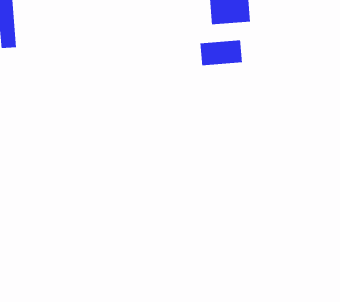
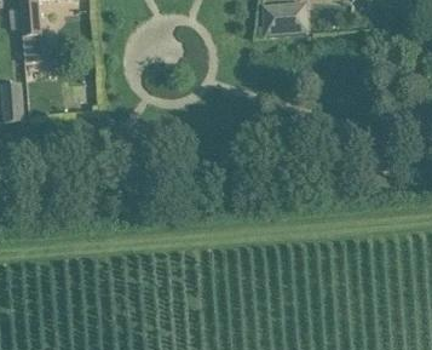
building: [200,40,242,66] -> none

